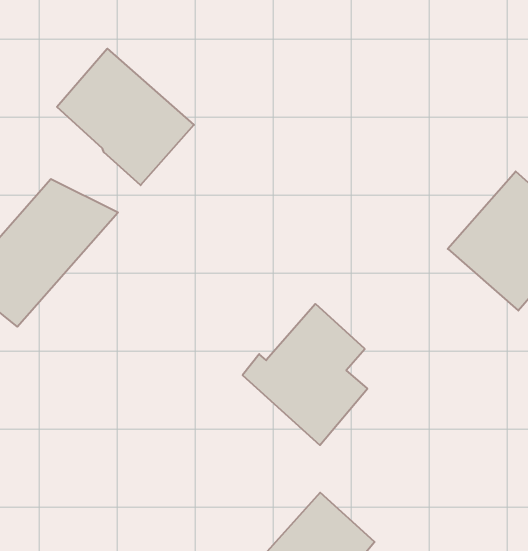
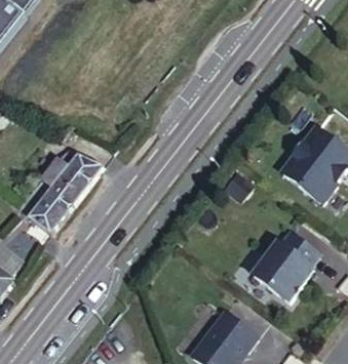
building: [57,49,194,185] -> none
building: [243,304,367,445] -> [243,224,312,300]

